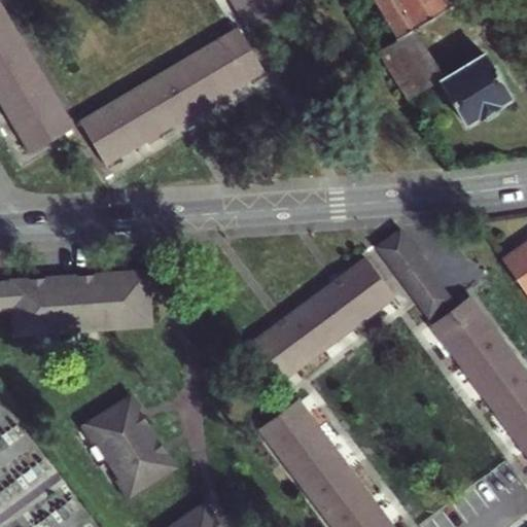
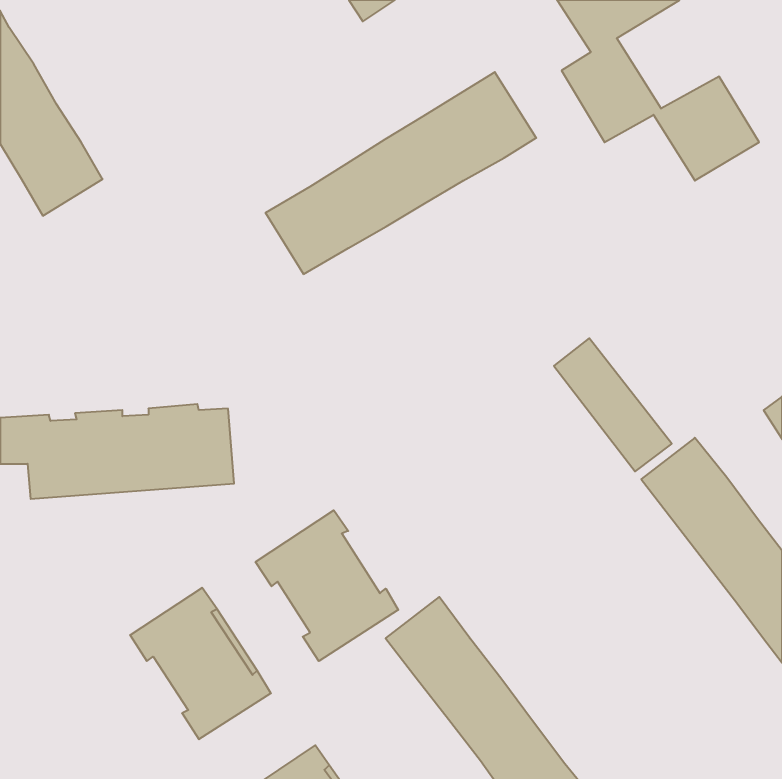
building: [78,22,260,157] -> [265,72,536,274]
building: [252,261,390,383] -> none
building: none -> [256,510,398,661]

